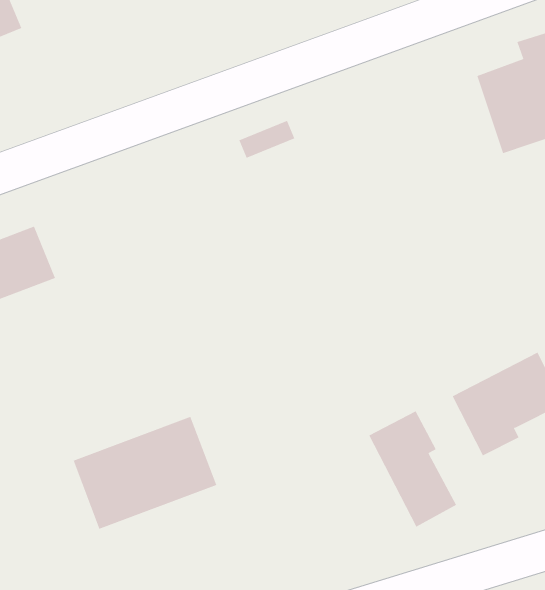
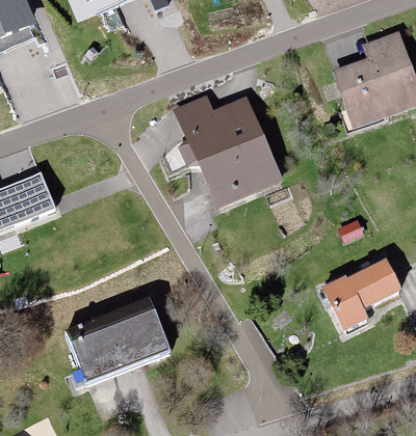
building: none -> [183,106,276,205]
building: [368,411,457,527] -> none

